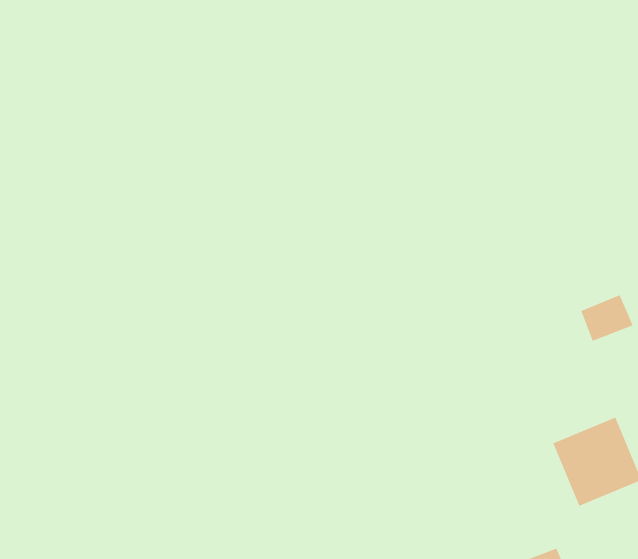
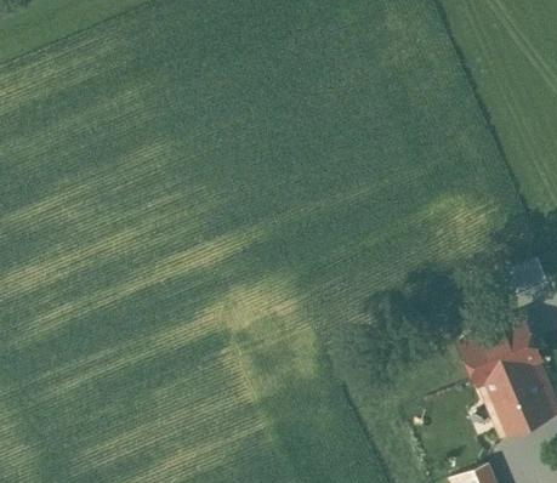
building: none -> [465,320,539,383]

